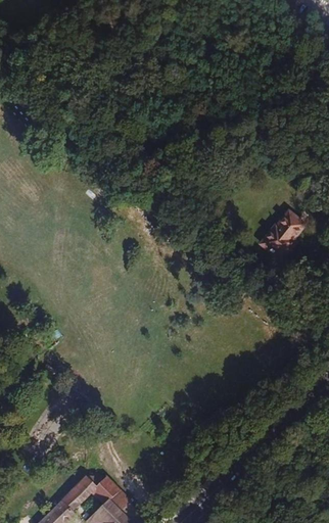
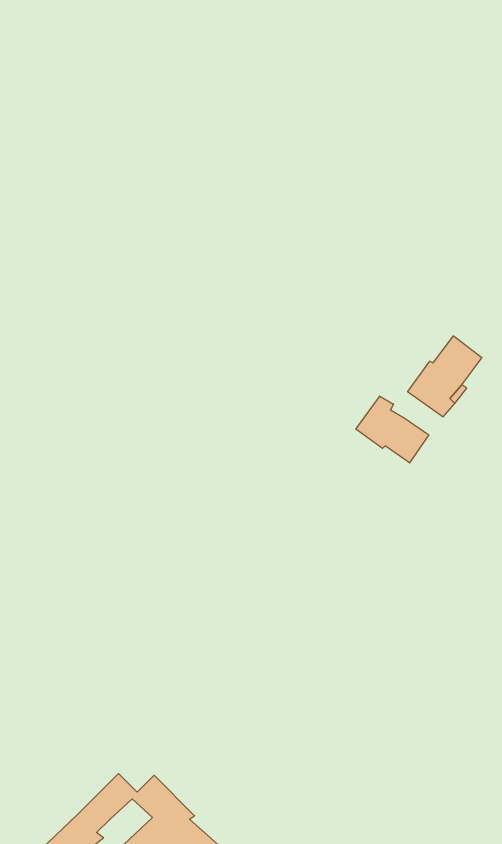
building: none -> [356,396,429,463]

